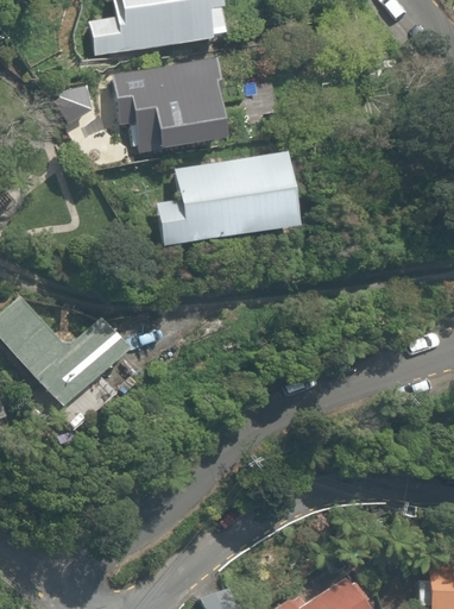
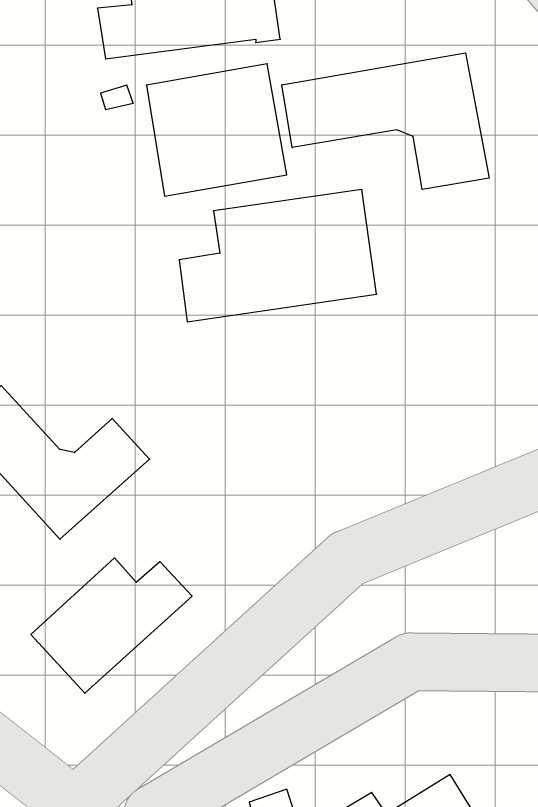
building: none -> [282,53,489,189]
building: none -> [31,558,192,693]

